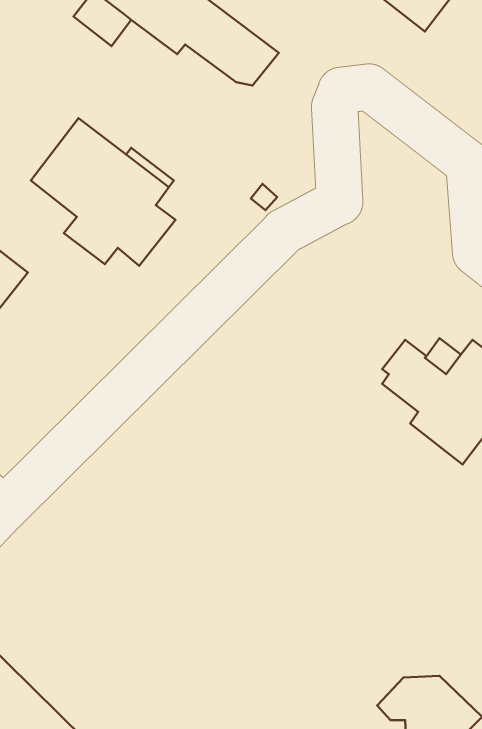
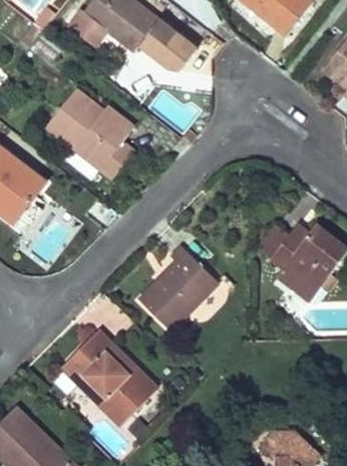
building: none -> [138,245,219,330]
building: none -> [62,330,156,425]

